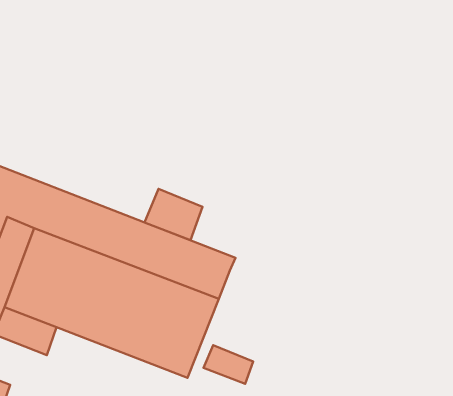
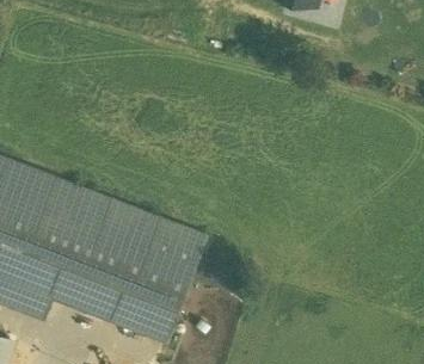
building: [145,189,203,240] -> none
building: [203,345,253,384] -> none

